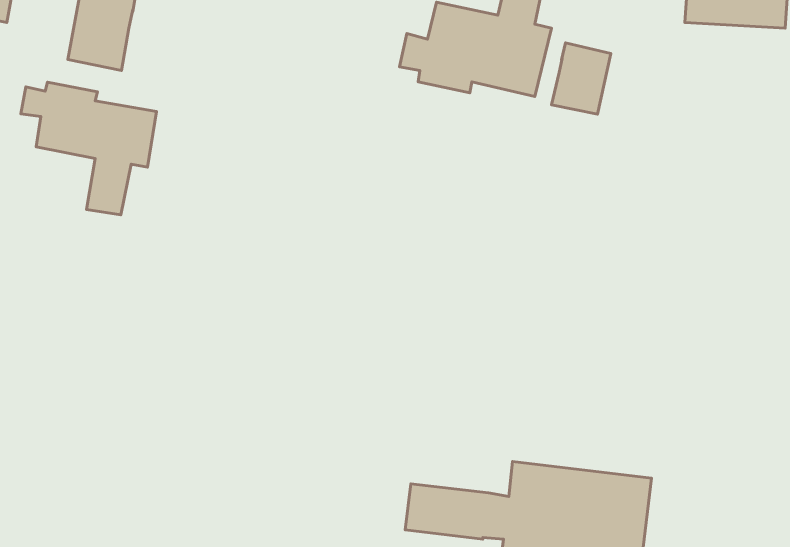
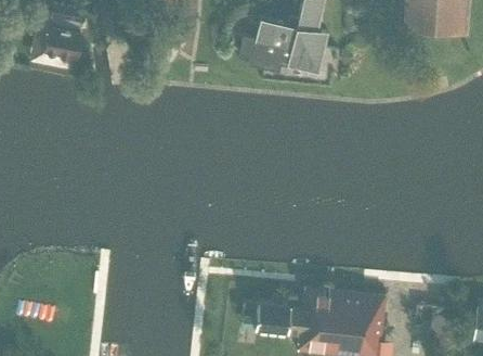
building: [552,43,611,114] -> none
building: [21,82,156,215] -> none

